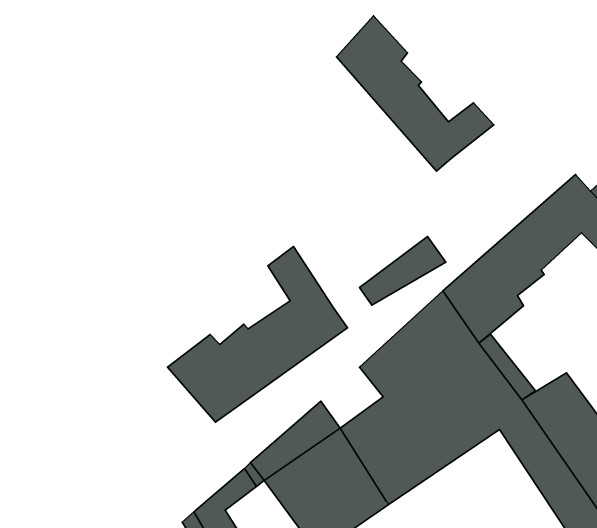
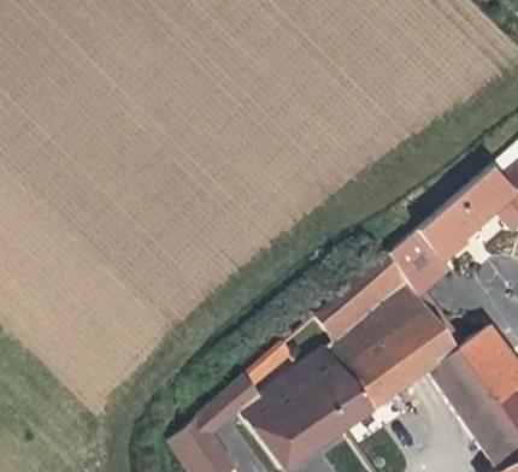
building: [337,16,494,171] -> none
building: [360,236,446,305] -> none
building: [167,246,348,422] -> none

